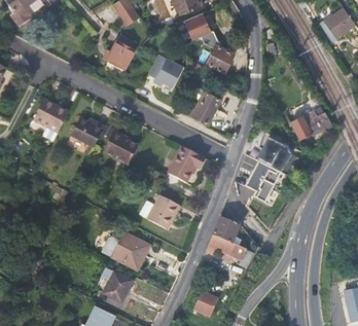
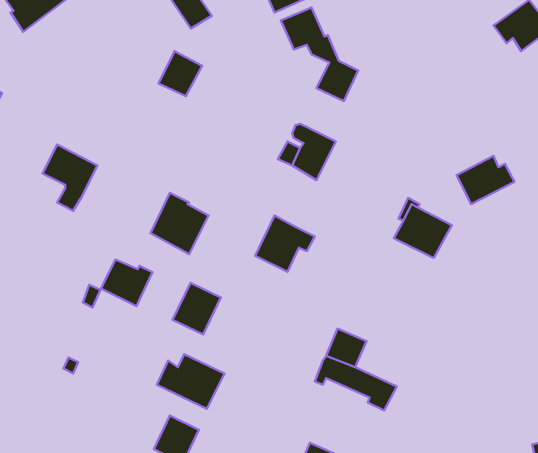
building: [148,52,183,85] -> none
building: [71,117,104,147] -> [101,259,152,306]
building: [246,160,281,202] -> none
building: [148,195,179,228] -> [173,283,221,334]

